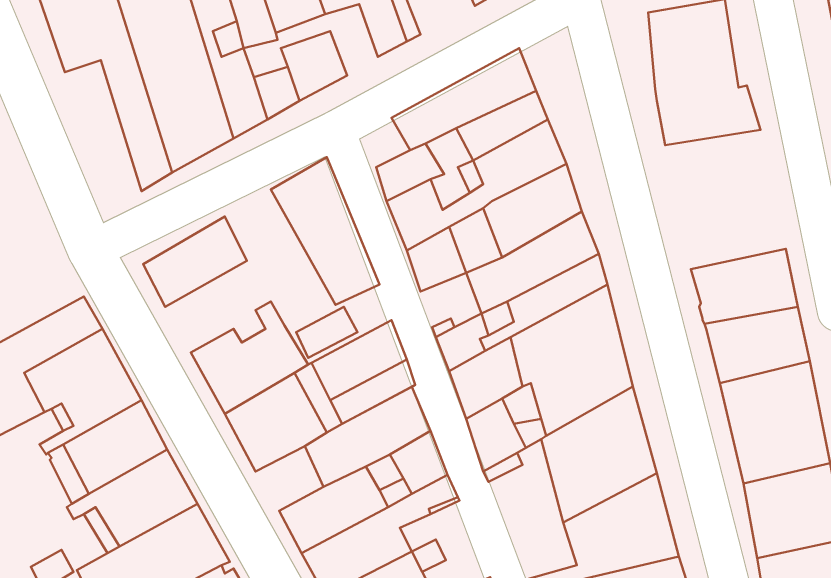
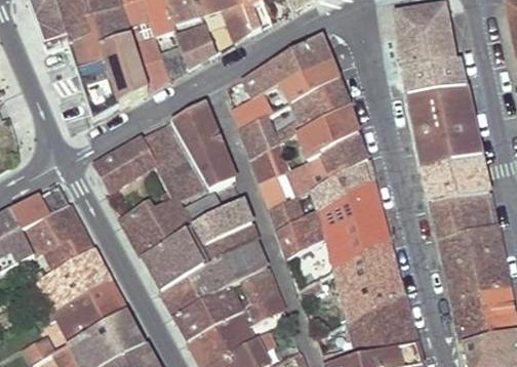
building: none -> [408,83,481,167]
building: none -> [143,119,207,201]
building: none -> [161,274,202,313]

